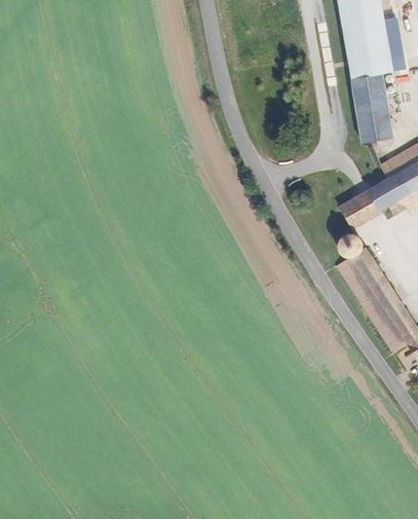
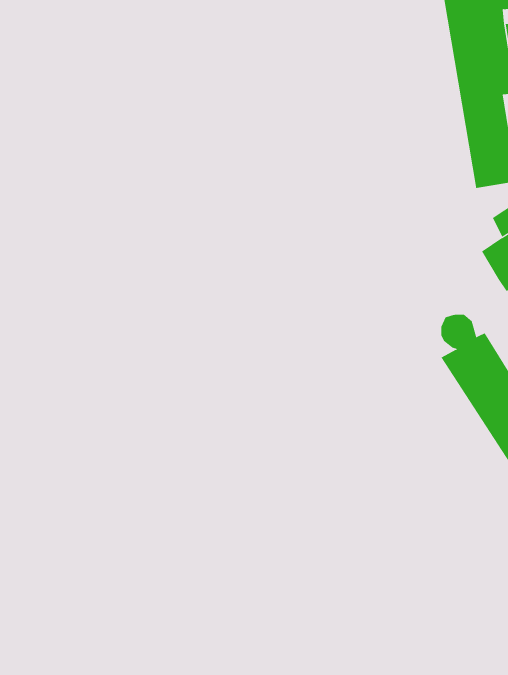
building: [339,188,379,226] -> none

